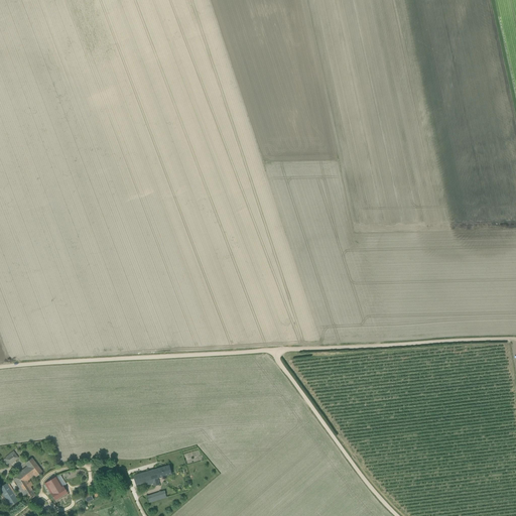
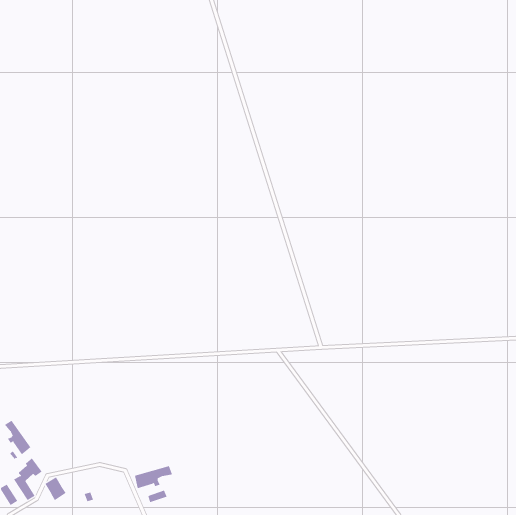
building: none -> [4,420,31,455]

